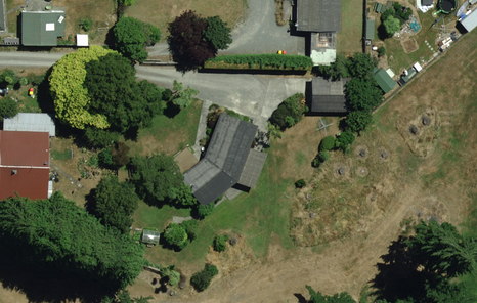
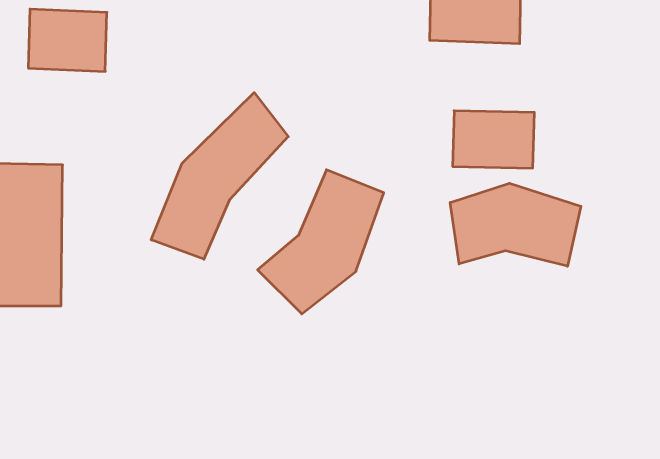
building: none -> [151,93,288,259]
building: none -> [450,183,581,266]

